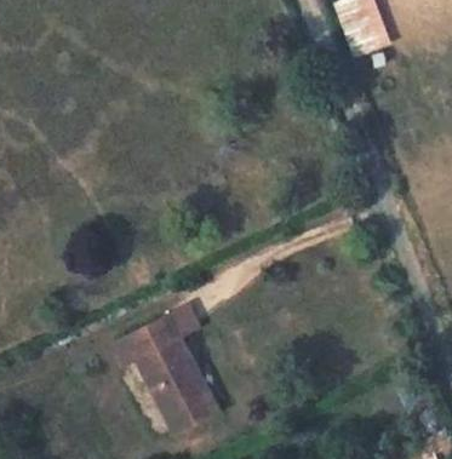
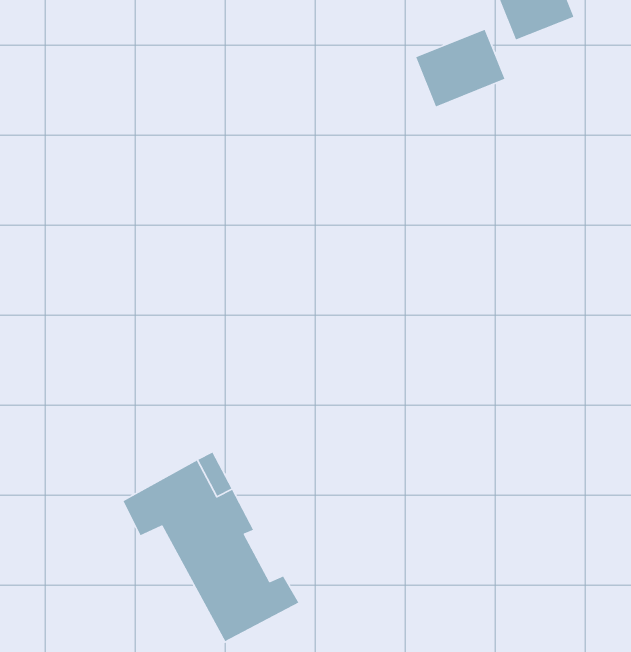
building: none -> [415,29,505,107]

